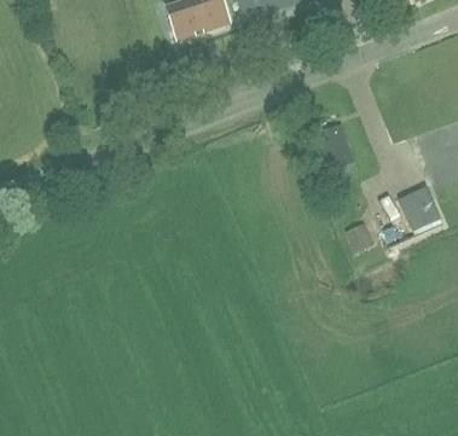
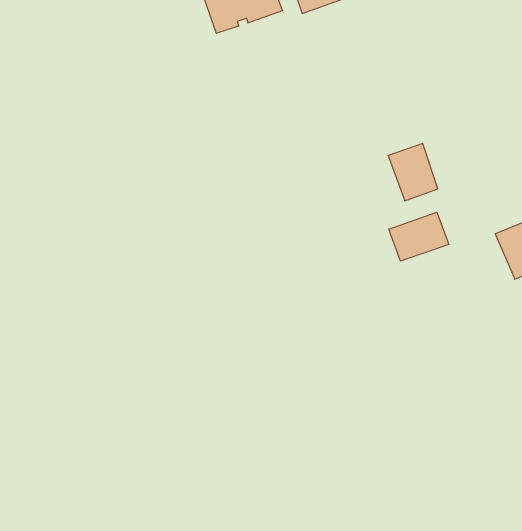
building: none -> [389,212,449,261]

